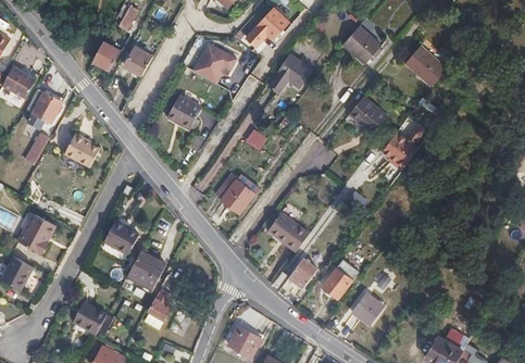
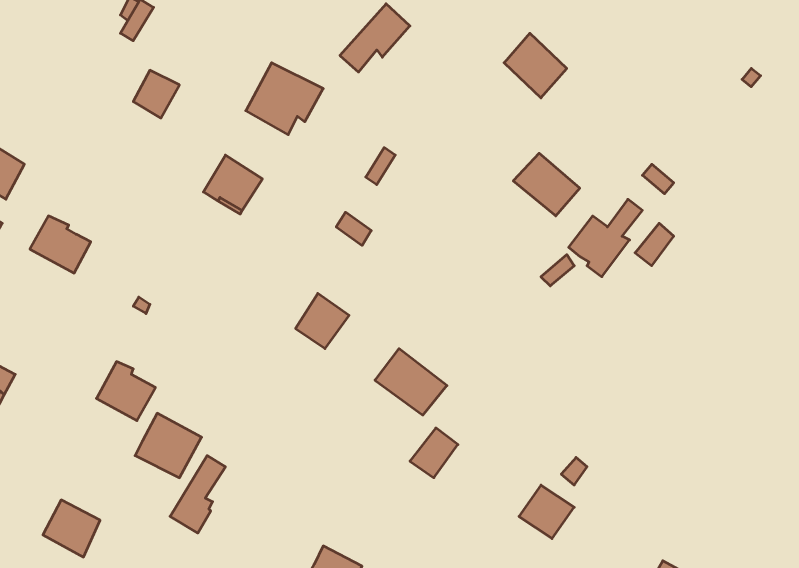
building: [92,41,120,70] -> none
building: [403,45,446,87] -> none
building: [268,54,311,92] -> none
building: [321,256,358,297] -> none

